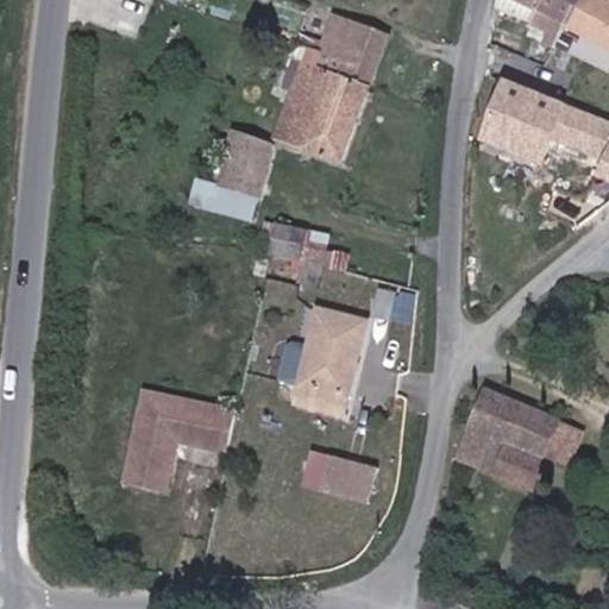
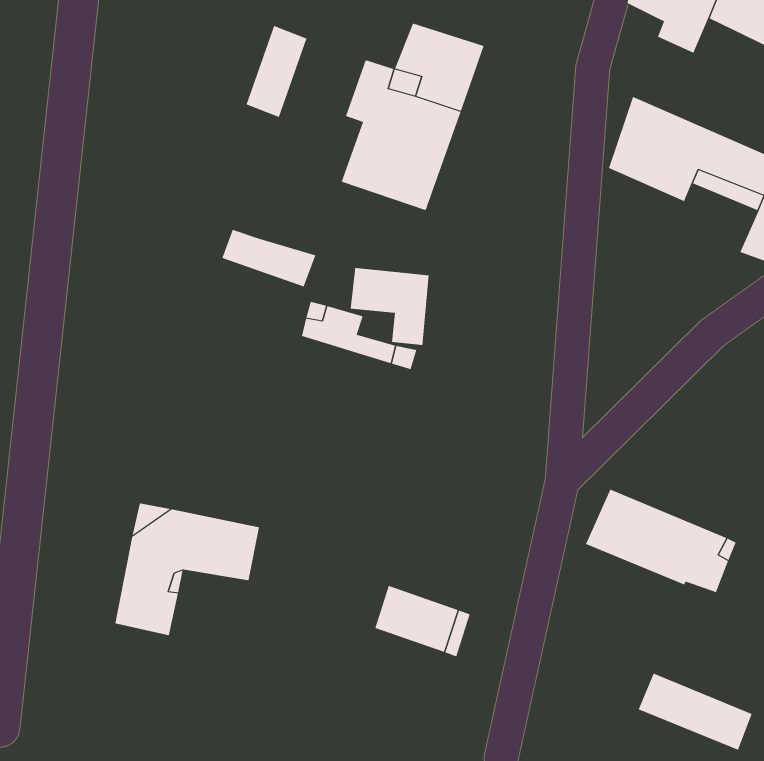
building: none -> [246,25,307,118]
building: [215,134,276,199] -> none
building: [270,307,356,410] -> none
building: [457,423,546,484] -> [638,673,752,751]

